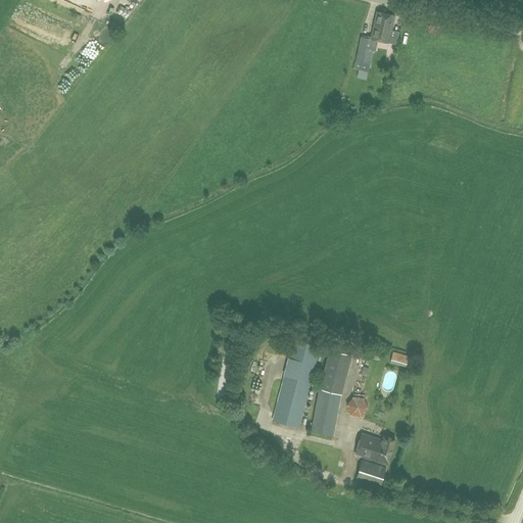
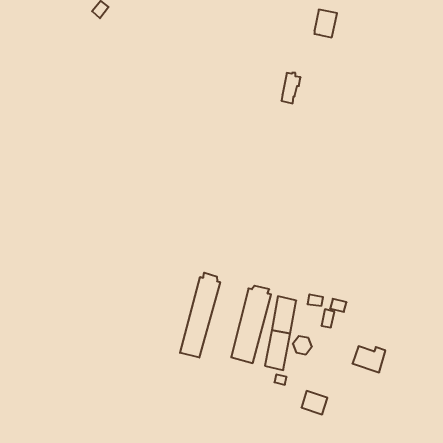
building: [353,37,376,73] -> [281,73,301,103]
building: none -> [180,273,220,358]
building: [354,435,393,466] -> [352,346,385,372]

